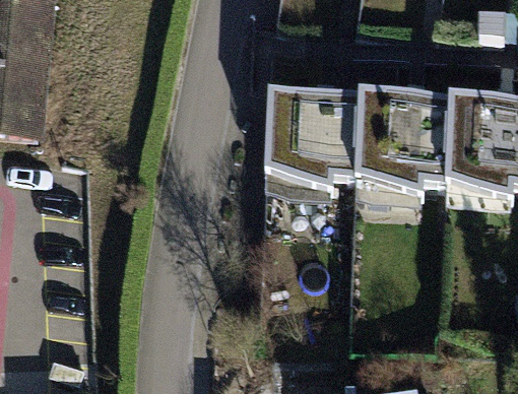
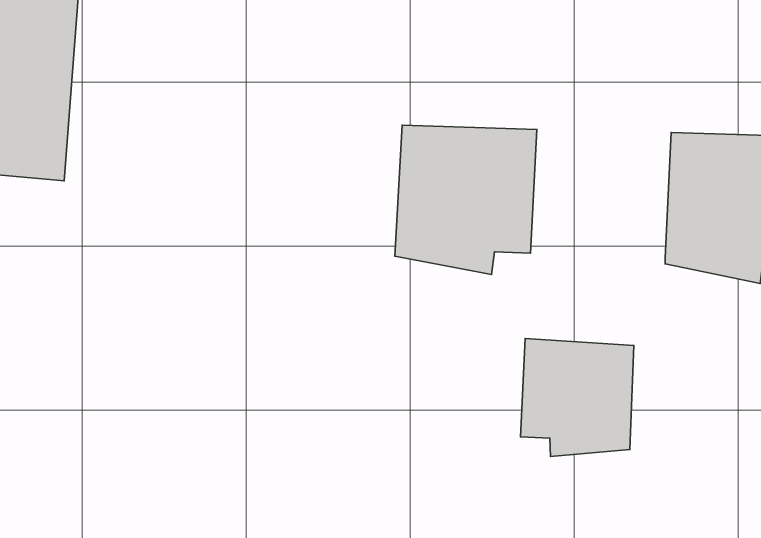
building: [359,92,453,193] -> none
building: none -> [520,339,634,456]

